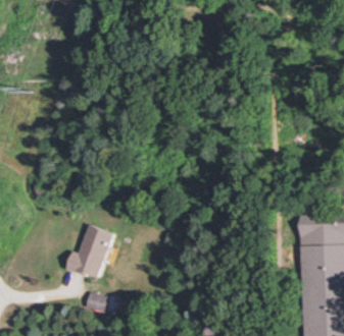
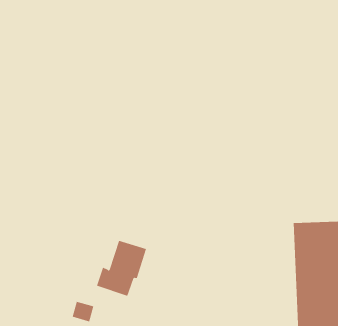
building: [64,225,113,279] -> [96,240,147,296]

